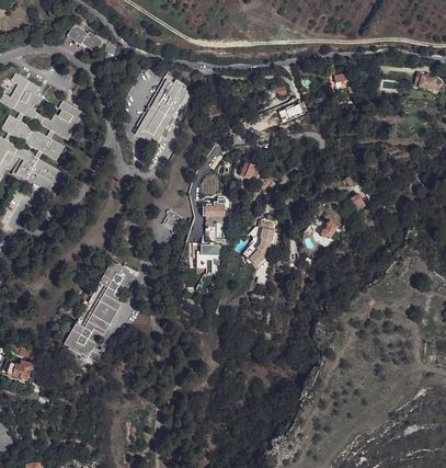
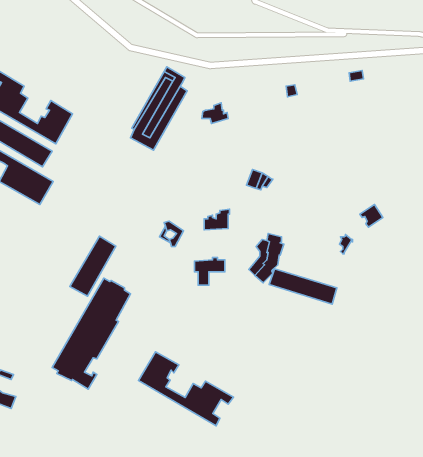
building: [66,24,102,52] -> none
building: none -> [70,236,116,296]
building: none -> [269,269,337,304]
building: none -> [138,352,233,426]

